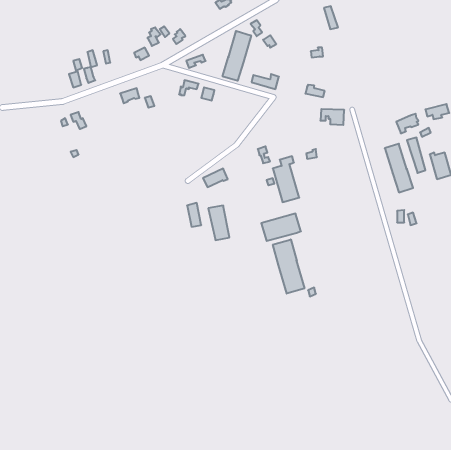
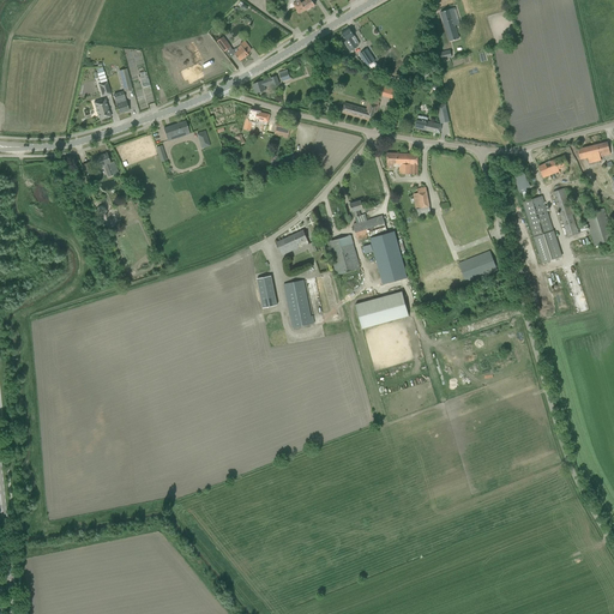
building: [223,31,251,81] -> none
building: [320,109,344,125] -> [386,152,419,174]
building: none -> [327,234,360,273]
building: none -> [458,251,498,282]
building: [273,239,304,294] -> none

